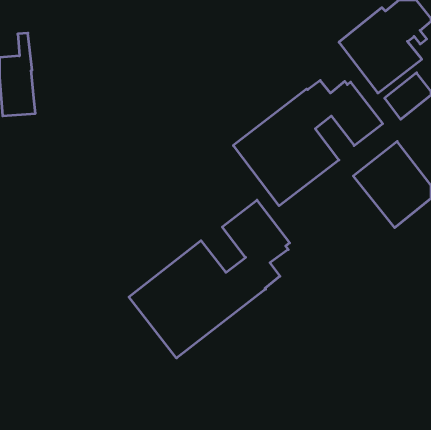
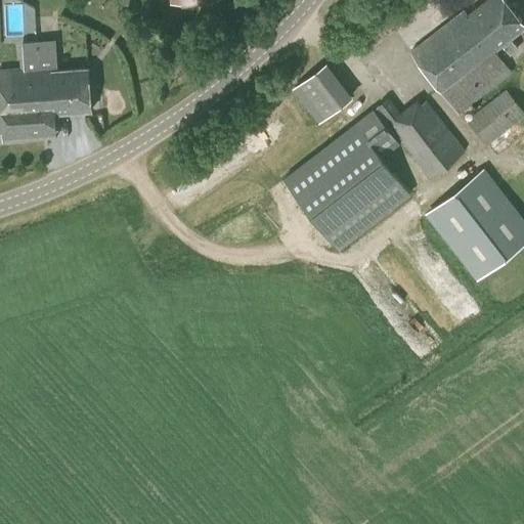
building: none -> [34,41,91,122]
building: none -> [290,62,351,124]
building: [129,200,290,358] -> none

